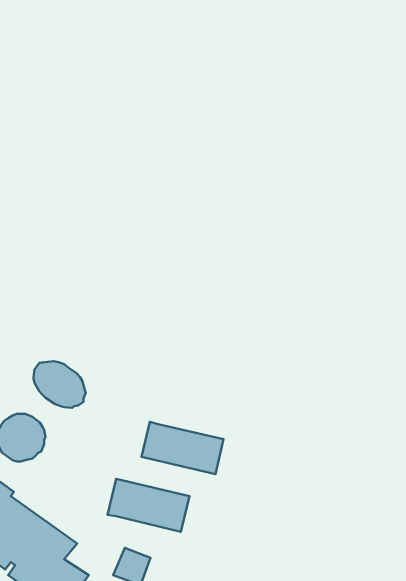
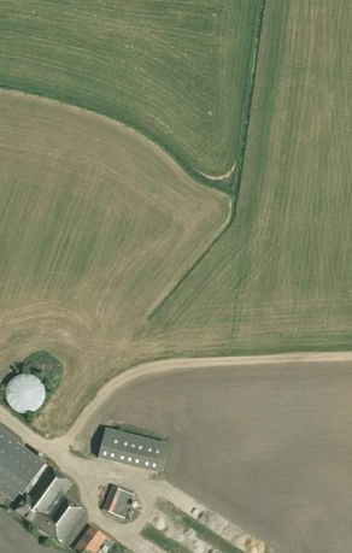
building: [33,361,86,408] -> none
building: [142,422,224,474] -> none

